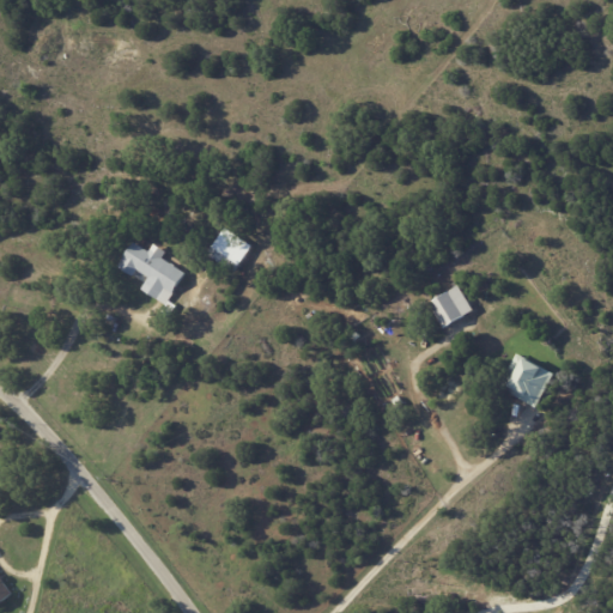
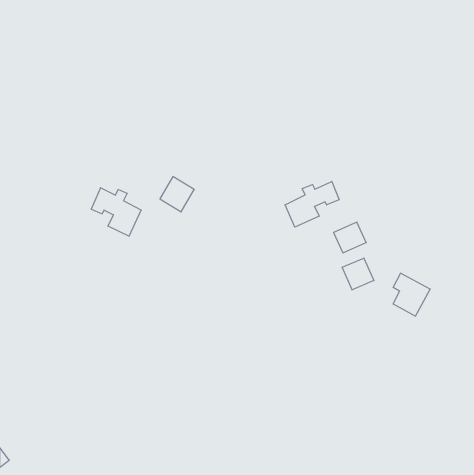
building: none -> [285,181,339,227]
building: none -> [342,258,374,290]

